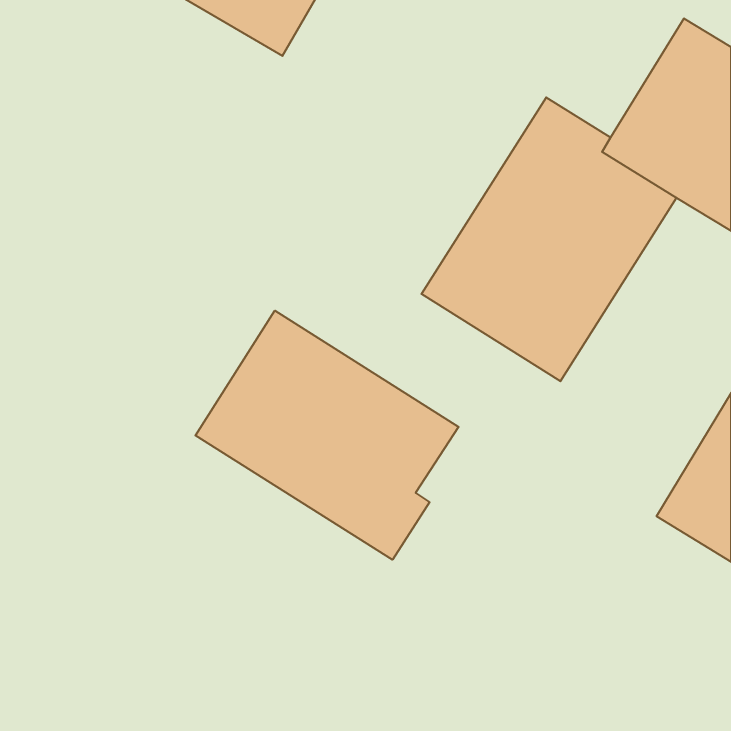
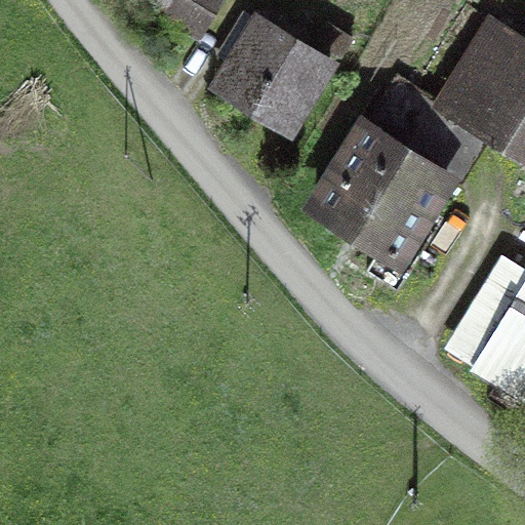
building: none -> [208,11,338,138]
building: [195,311,459,560] -> none

